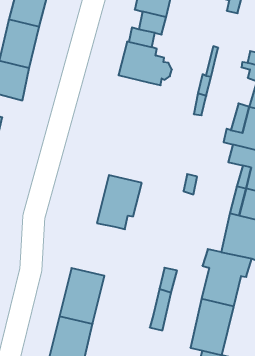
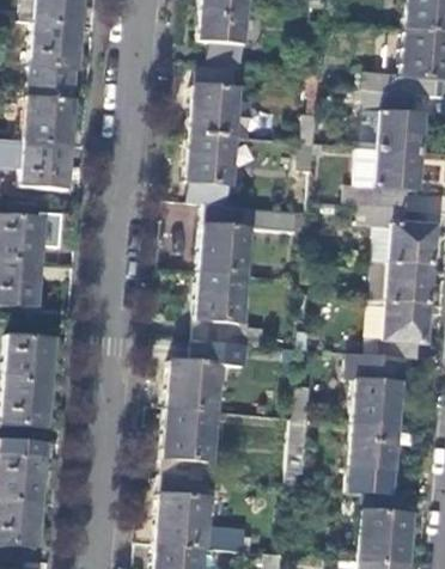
building: none -> [185,135,233,186]
building: none -> [199,204,299,277]
building: none -> [167,342,219,412]

